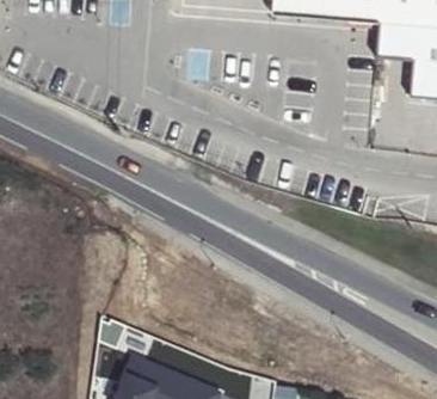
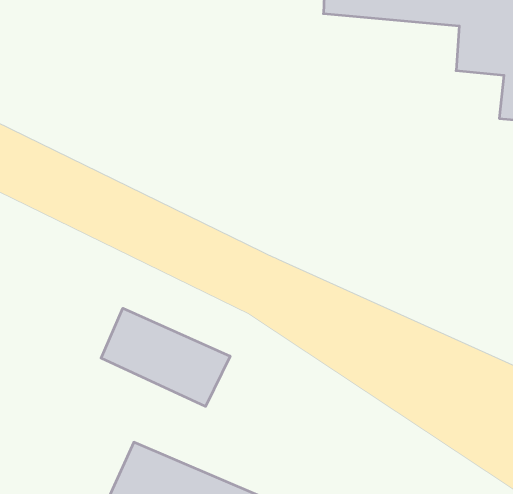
building: none -> [101,308,230,406]

